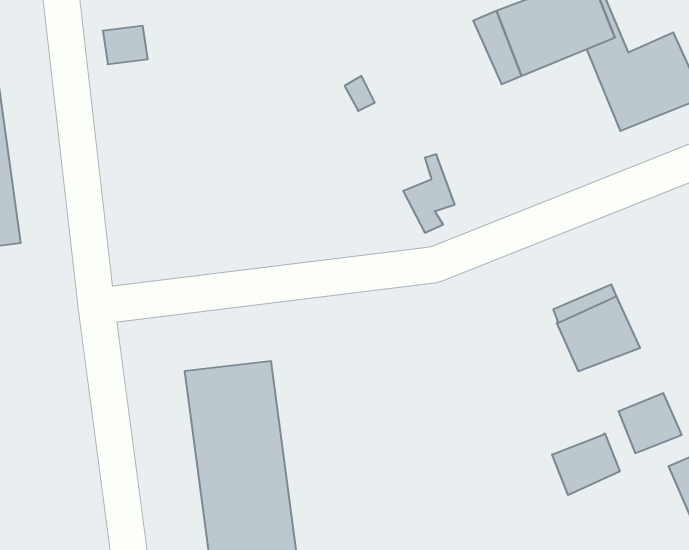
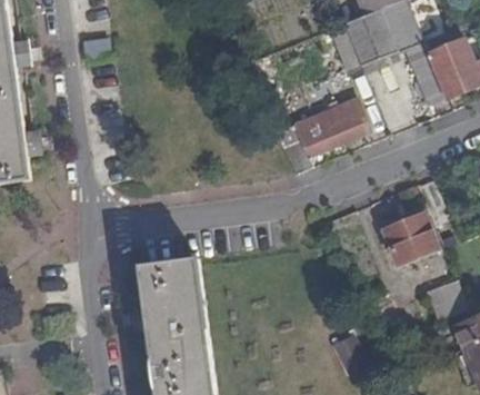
building: none -> [304,100,368,152]
building: [552,433,620,495] -> none

